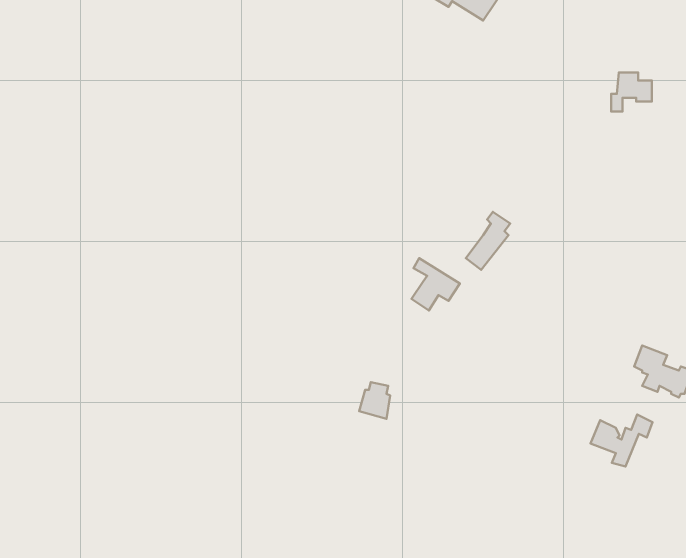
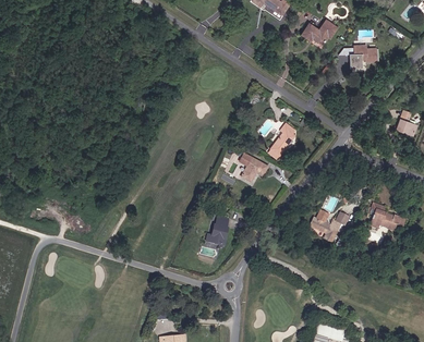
building: none -> [303,19,337,47]
building: [591,414,653,467] -> [314,213,349,243]

